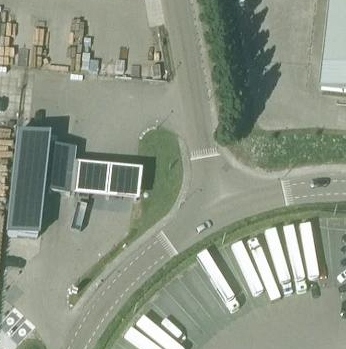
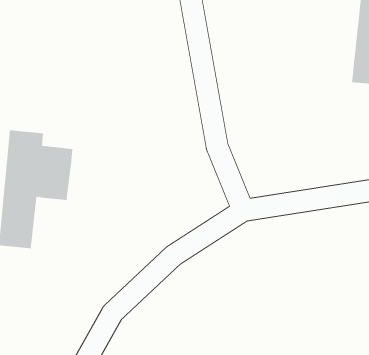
building: [70,156,142,196] -> none

